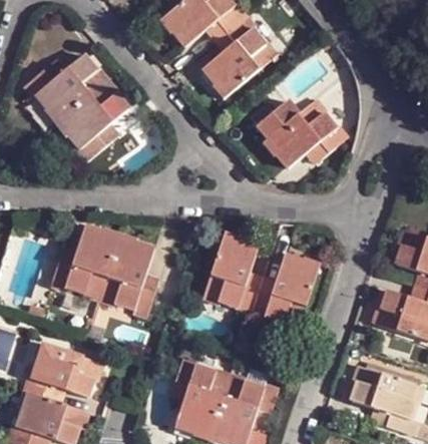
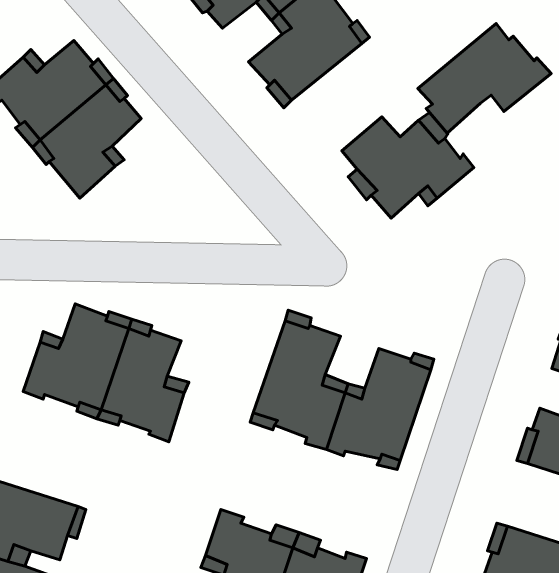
building: none -> [418,24,551,133]

